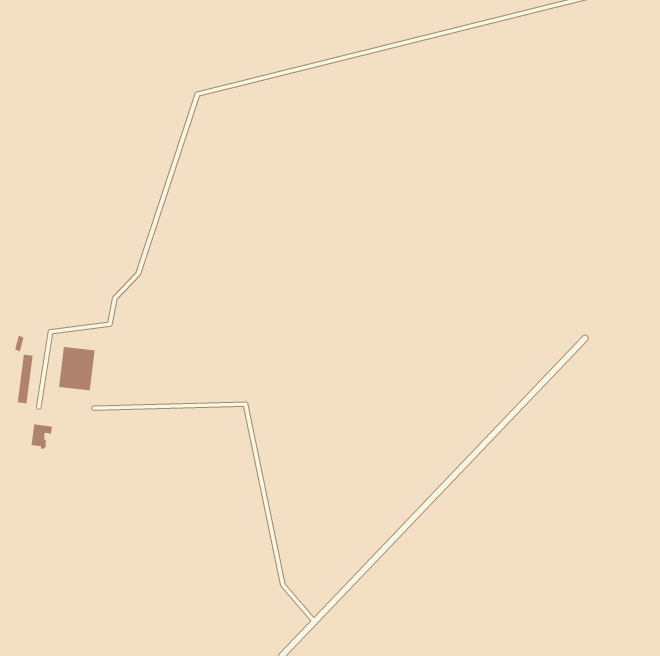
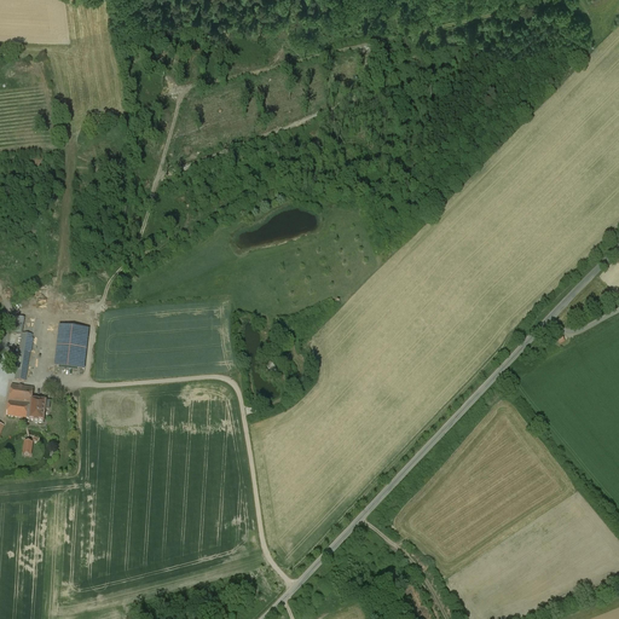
building: none -> [6,383,34,416]

